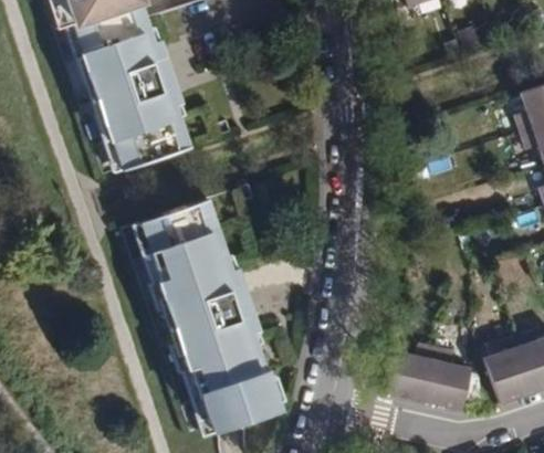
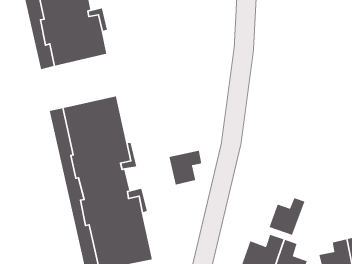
building: none -> [169,150,202,185]
building: none -> [269,197,306,236]

